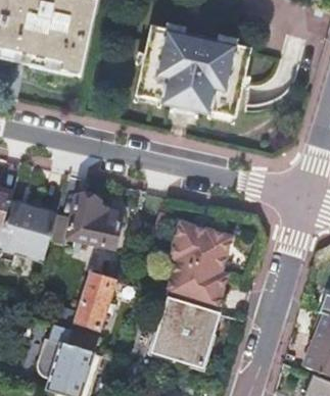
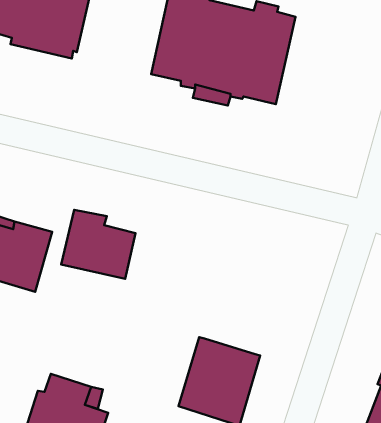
building: [164,220,232,309] -> none
building: [74,270,113,329] -> none

